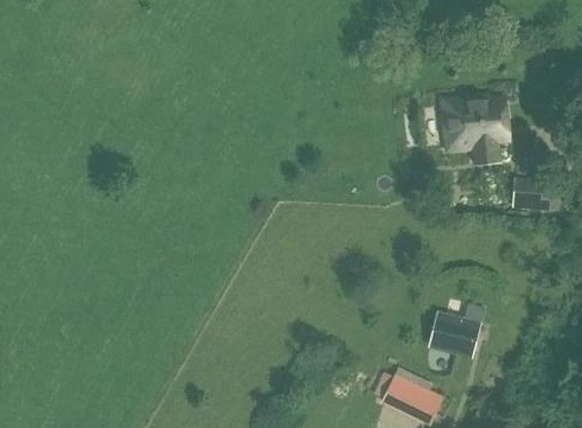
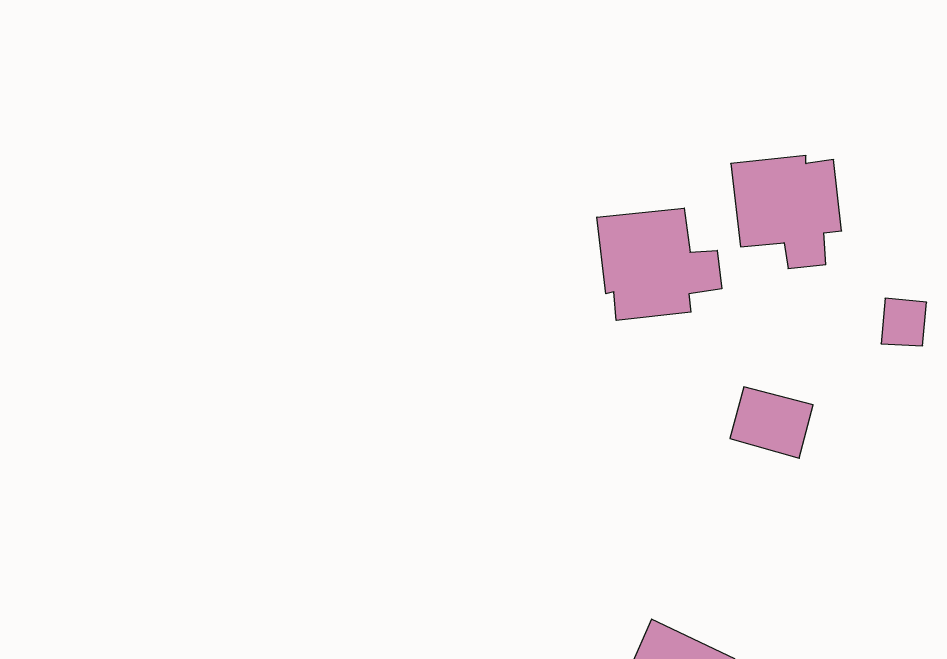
building: none -> [597,208,722,320]
building: [428,313,478,356] -> [730,387,813,458]

